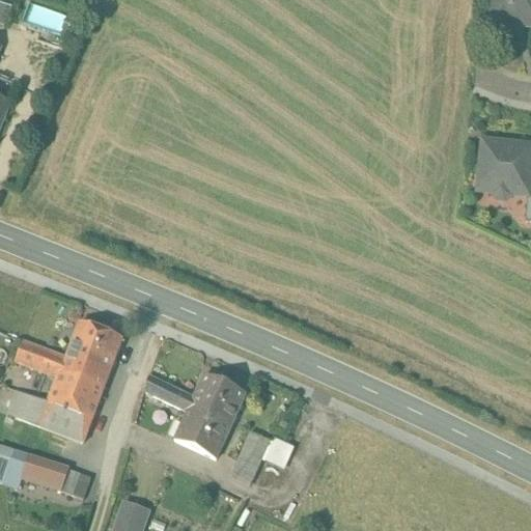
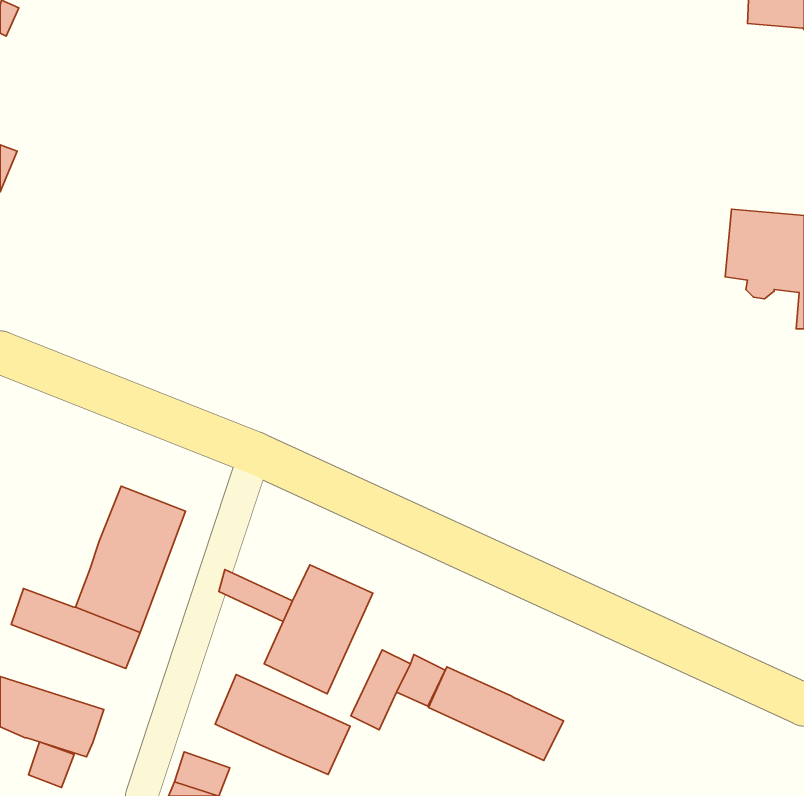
building: [16,340,65,375] -> none
building: none -> [428,667,563,761]
building: none -> [215,675,350,775]
building: [61,468,91,498] -> [29,742,74,787]

